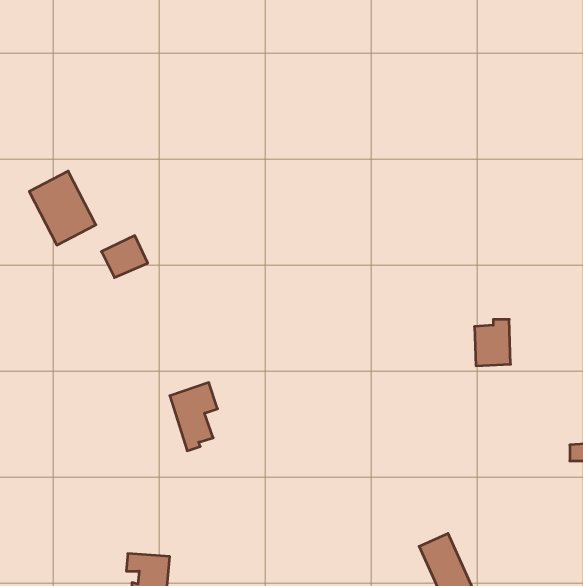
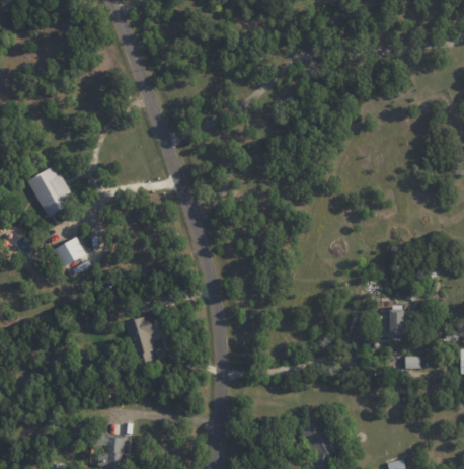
building: [101,236,148,278] -> [55,237,87,266]
building: [474,319,511,366] -> [380,305,405,337]

